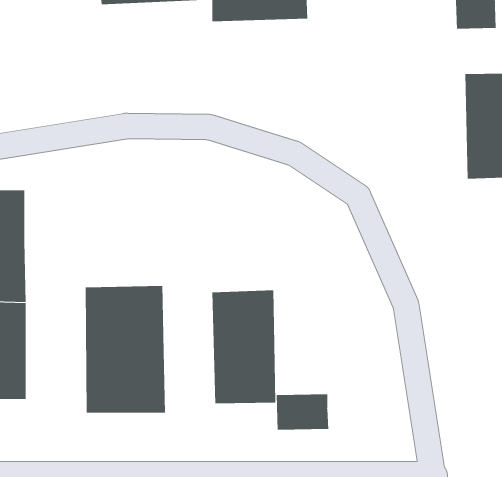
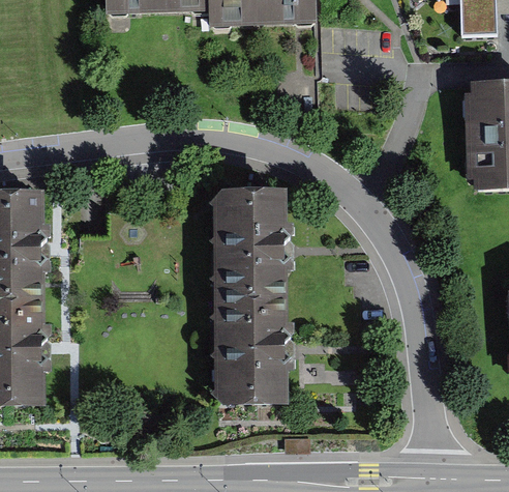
building: none -> [219,191,282,293]
building: [85,285,165,414] -> none
building: [276,394,329,431] -> none

